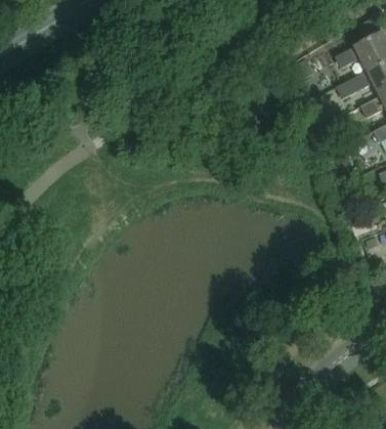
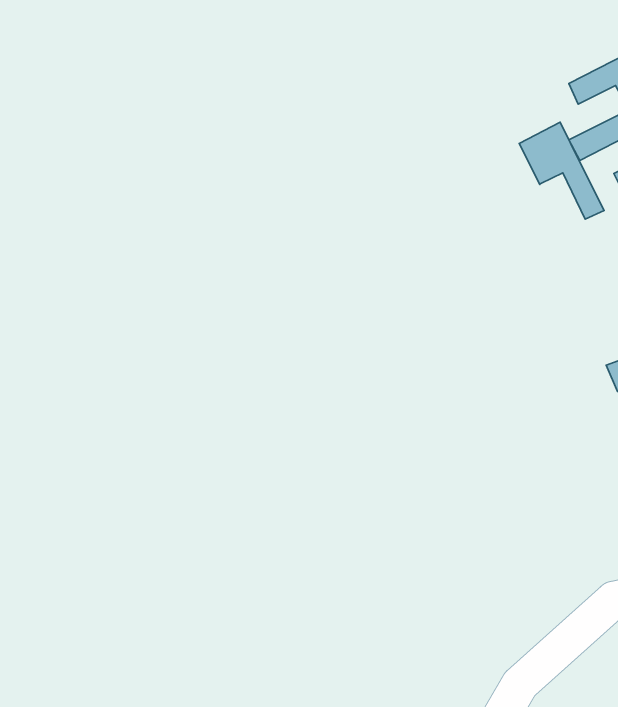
building: none -> [519,122,604,219]

